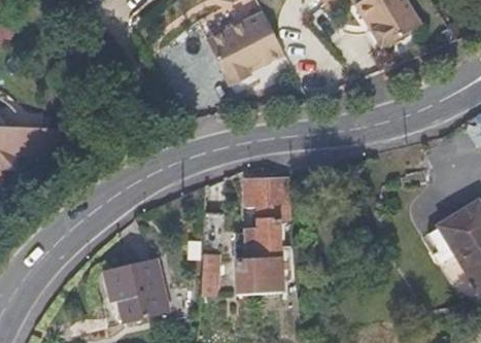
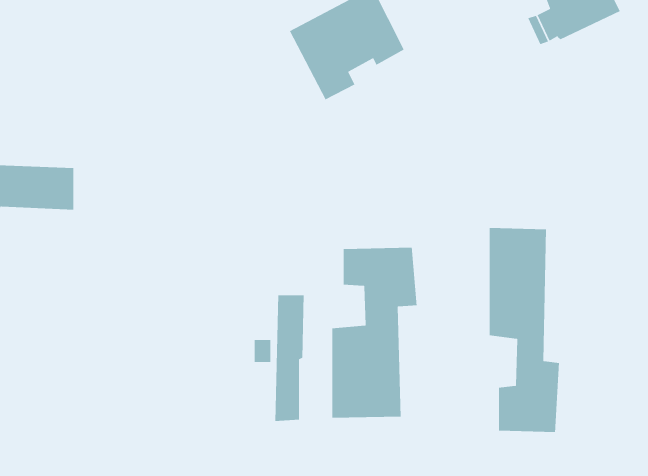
building: none -> [489,227,560,433]
building: [100,256,165,321] -> none

